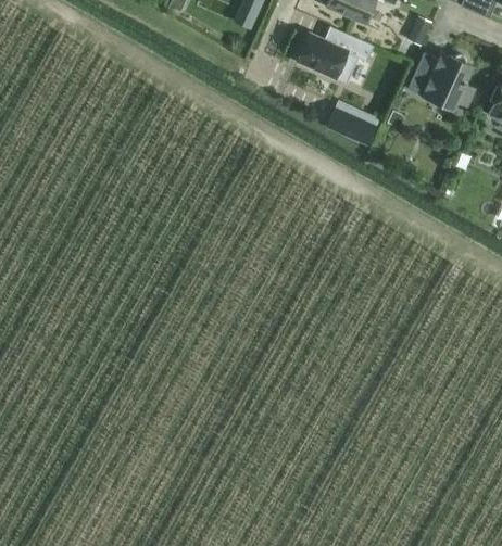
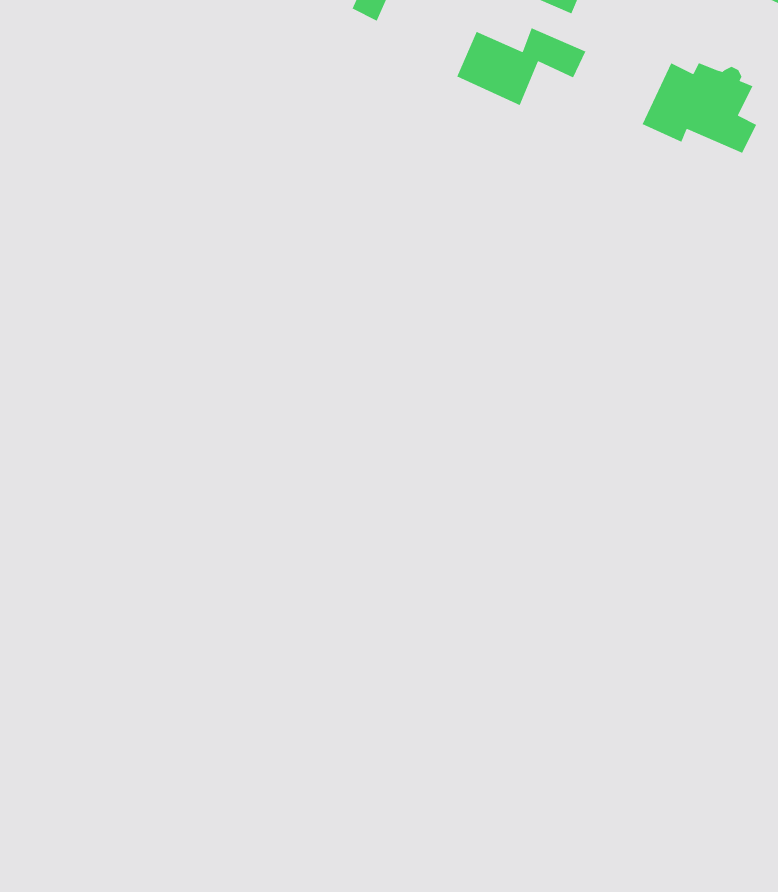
building: [326,100,379,144] -> none

